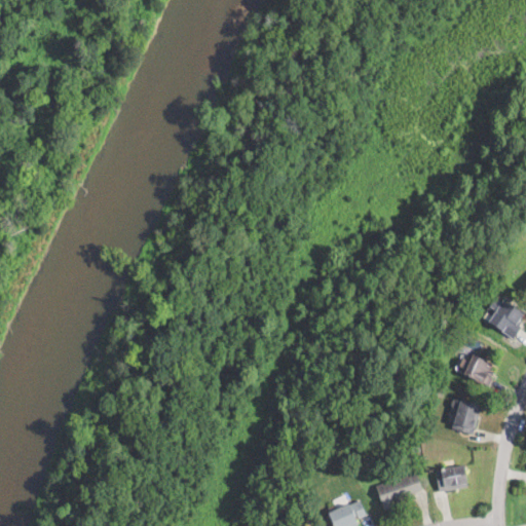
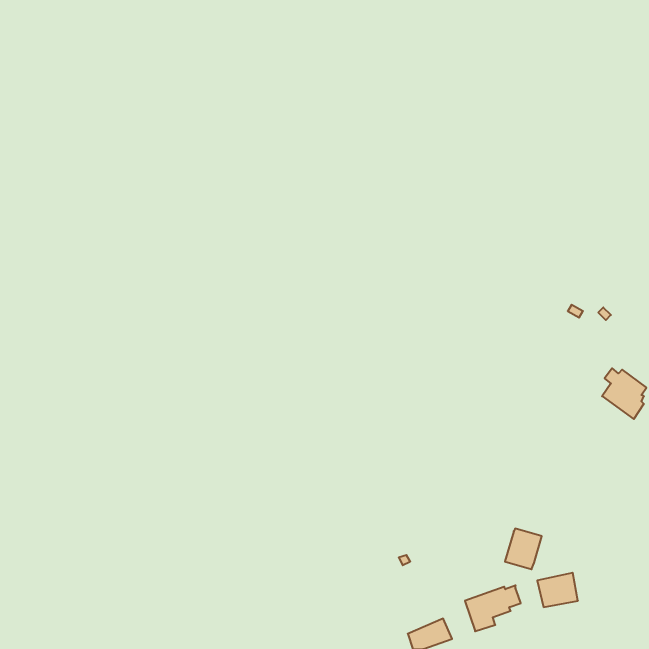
building: [458,354,493,385] -> none
building: [451,401,481,434] -> [505,529,542,569]

